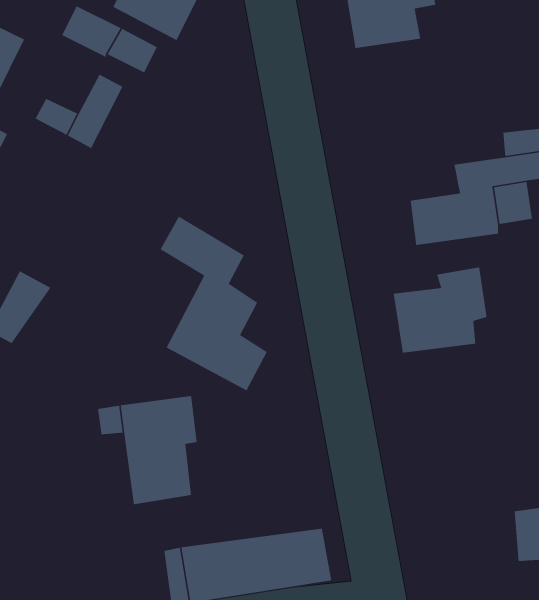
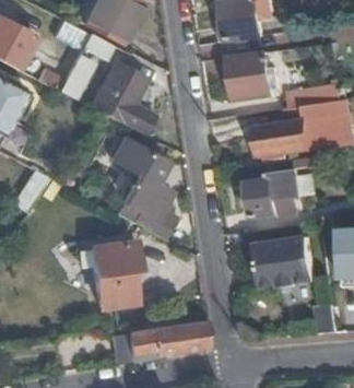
building: none -> [228,50,273,99]
building: none -> [93,61,158,137]
building: none -> [256,234,315,283]

